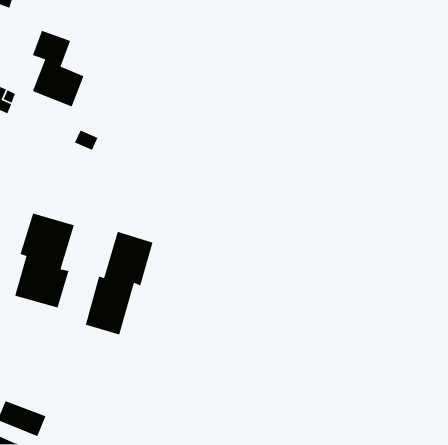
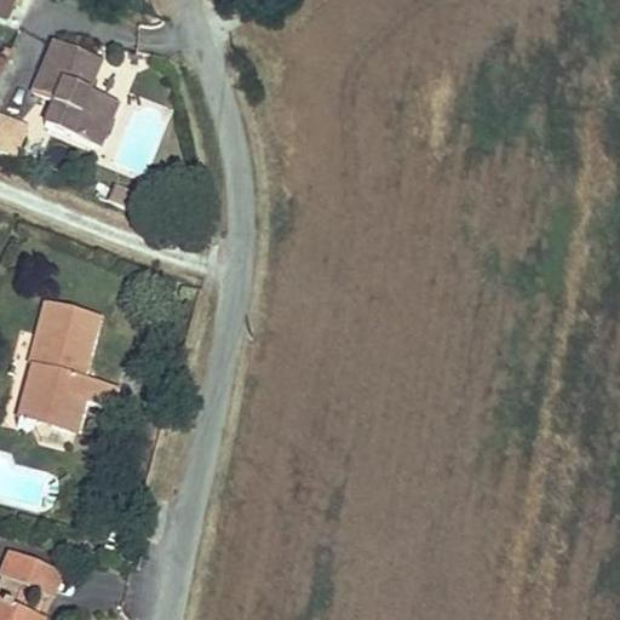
building: [85,231,153,336] -> none

